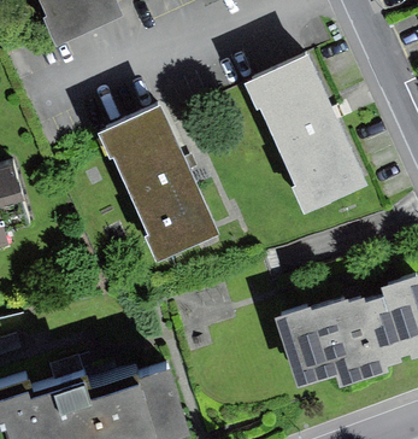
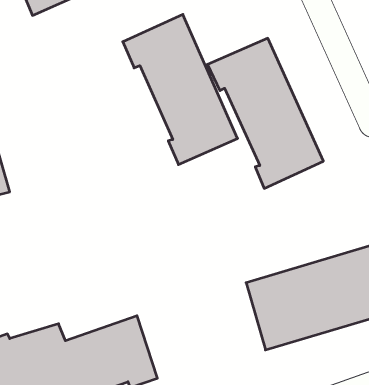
building: [96,107,218,267] -> [123,14,238,165]

